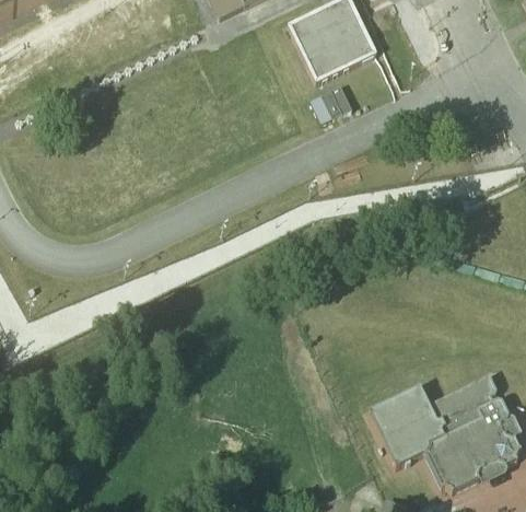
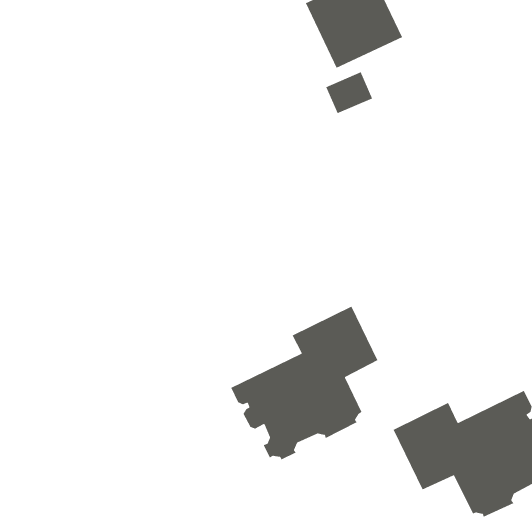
building: none -> [230,306,379,460]

